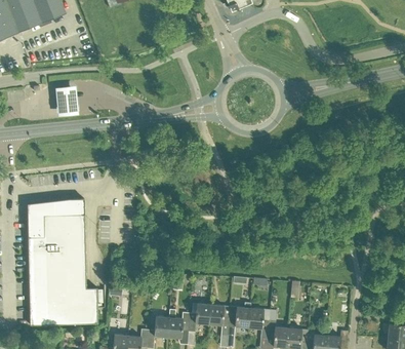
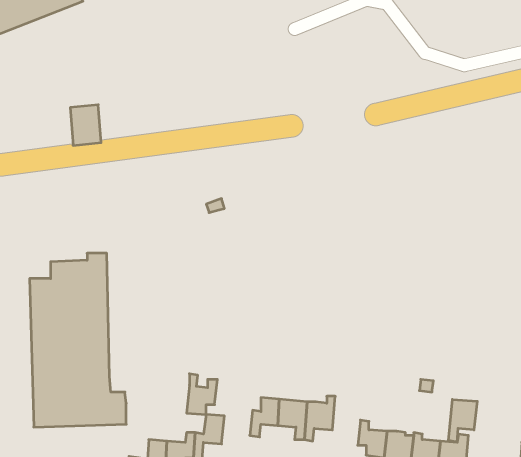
building: none -> [448,399,477,442]
building: [248,307,269,338] -> none
building: [167,308,190,338] -> [187,374,217,414]

